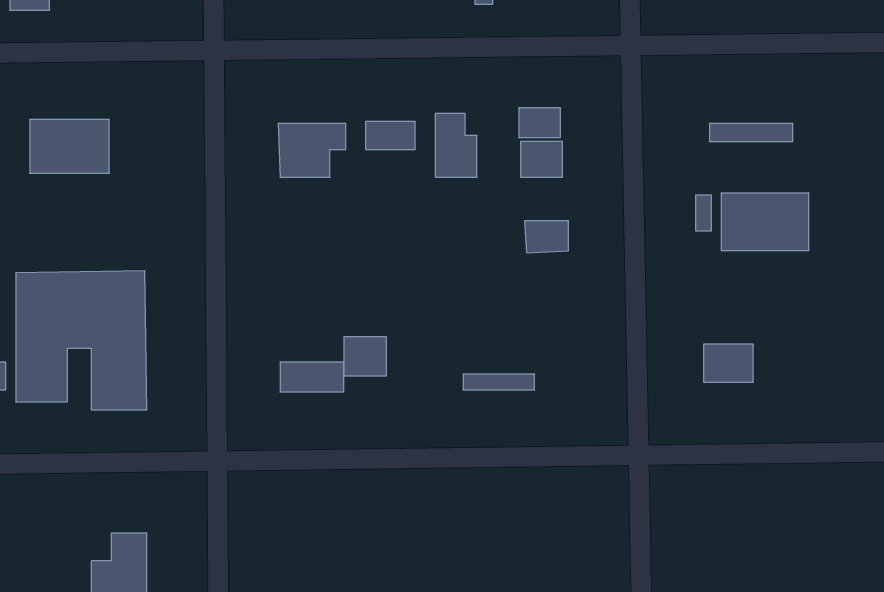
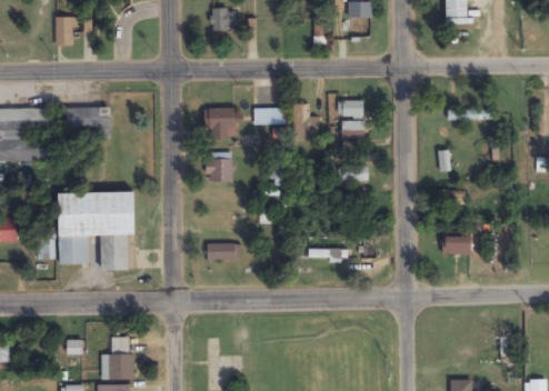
building: [721,193,809,251] -> none
building: none -> [207,151,231,182]
building: [344,337,386,376] -> none

